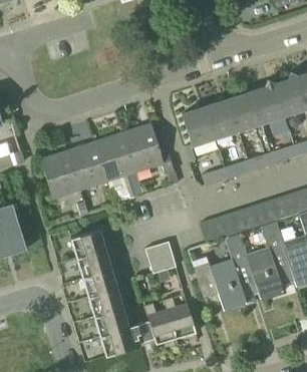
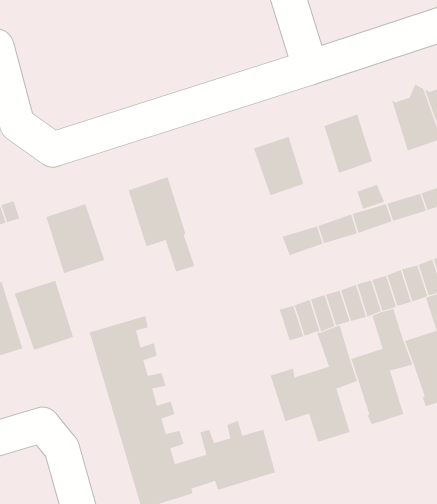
building: [252,78,285,123] -> none
building: [206,99,239,138] -> none
building: [124,124,174,173] -> none
building: [69,142,109,190] -> [14,280,74,350]
building: [144,241,176,274] -> none

